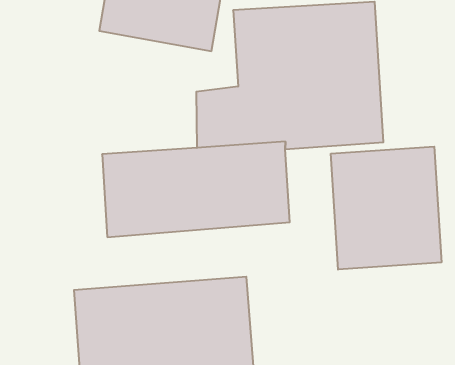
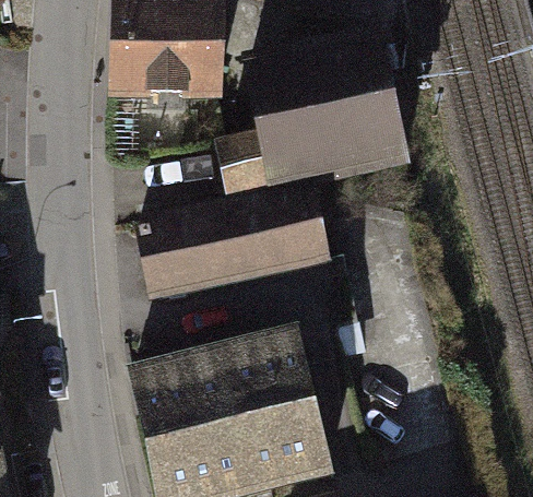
building: [331,147,441,270] -> none

